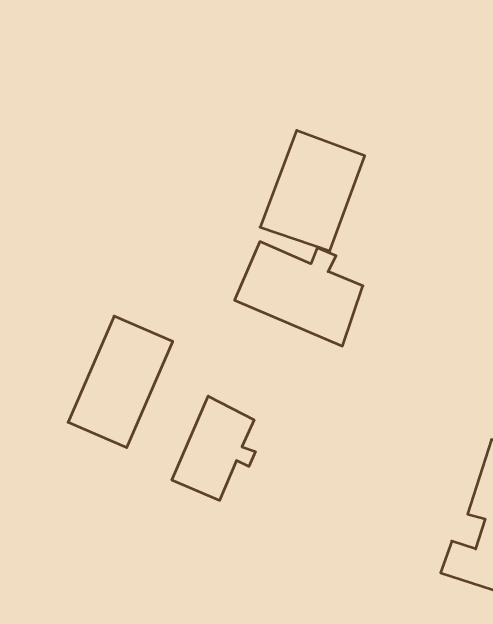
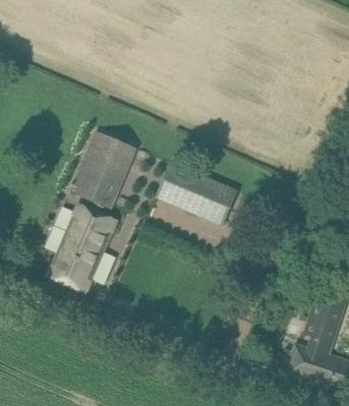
building: [260,130,365,251] -> [68,130,135,208]
building: [172,396,255,500] -> none

